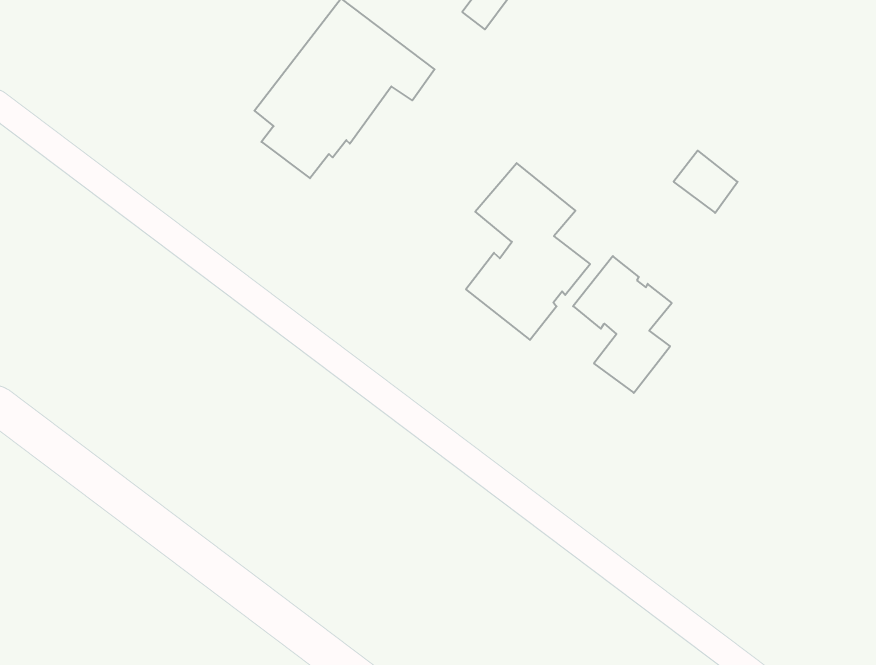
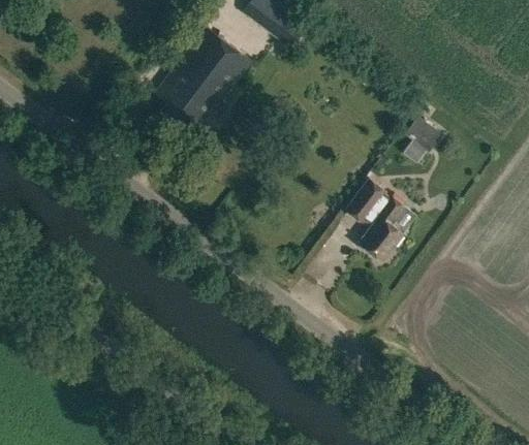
building: [466,163,590,340] -> none

